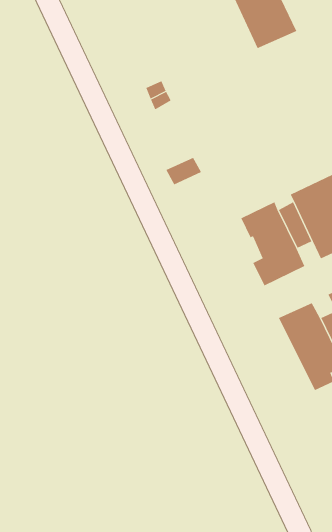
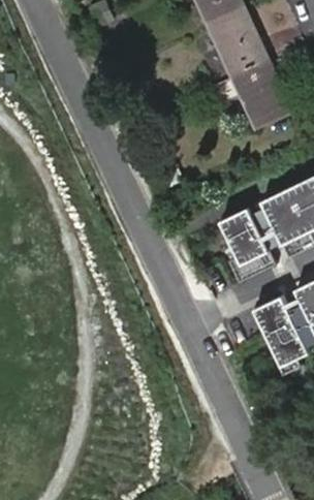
building: none -> [213,57,290,123]

